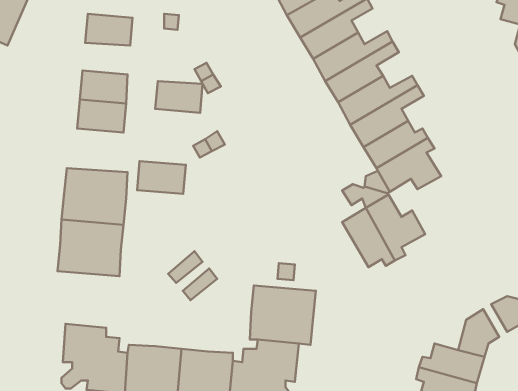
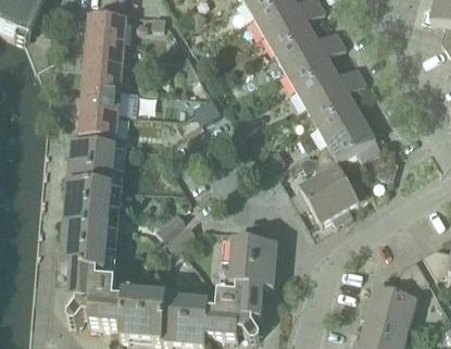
building: [155,81,203,113] -> [86,37,125,63]
building: [137,161,186,194] -> [79,108,120,135]
building: none -> [62,225,116,272]

